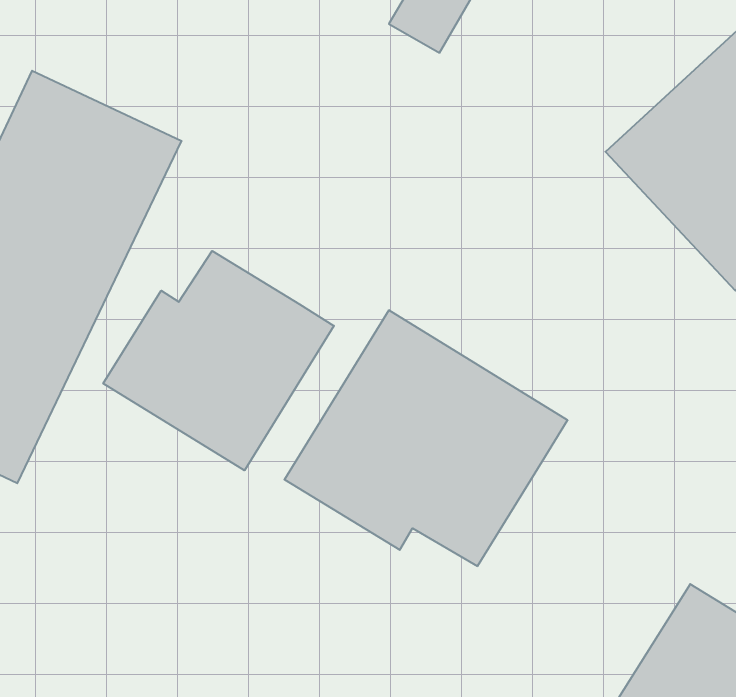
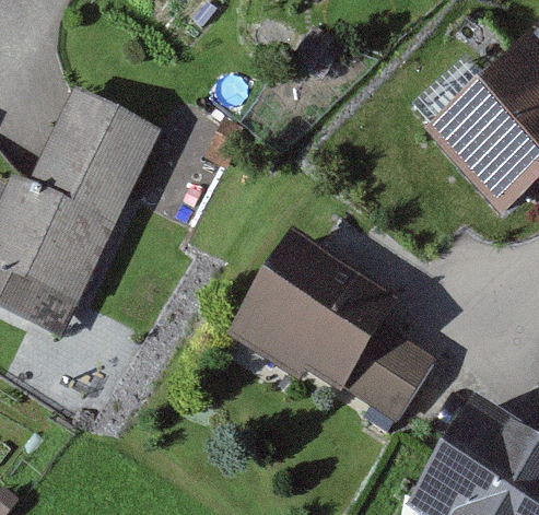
building: [103,251,334,470] -> none
building: none -> [343,323,433,417]

